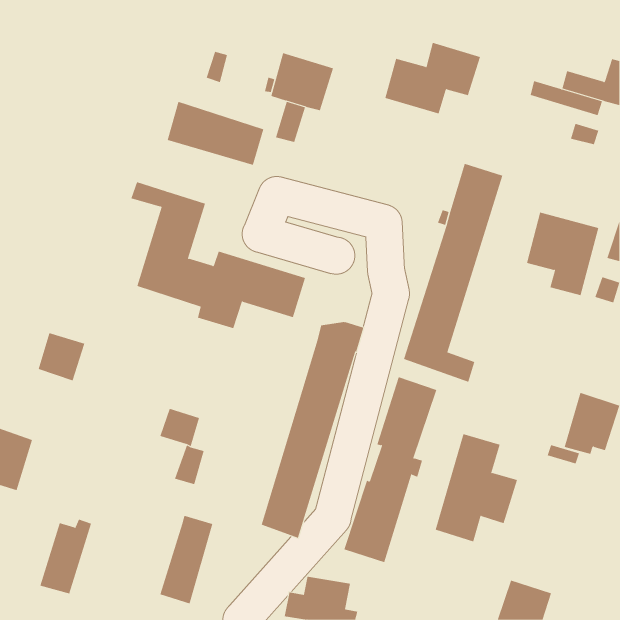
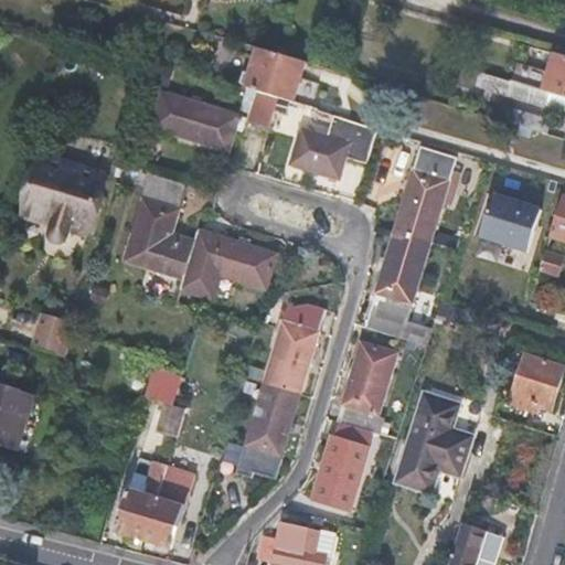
building: [385,42,481,114] -> [288,114,375,179]
building: none -> [22,154,104,242]
building: [40,519,92,594] -> [117,470,164,539]

